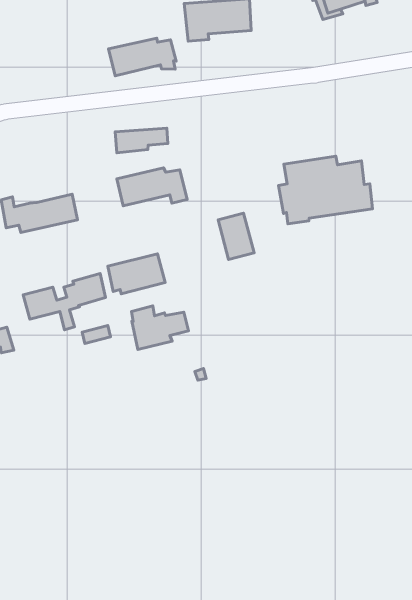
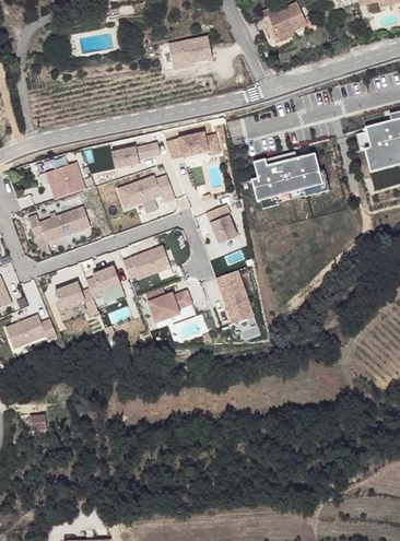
building: [109,38,176,76] -> [168,129,223,163]
building: none -> [51,163,89,199]
building: none -> [214,270,251,322]

